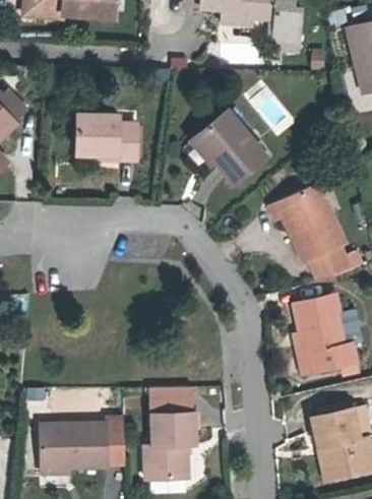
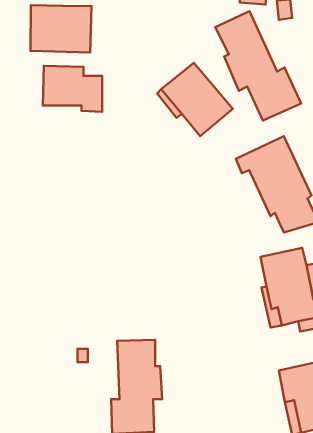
building: none -> [31,5,91,53]
building: none -> [215,11,301,120]
building: [39,418,124,467] -> none

